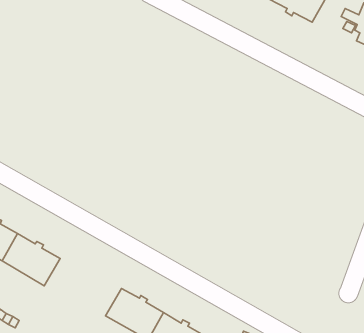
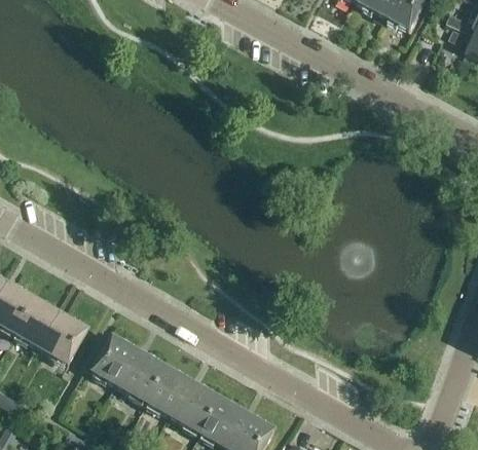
building: none -> [91,337,166,403]

